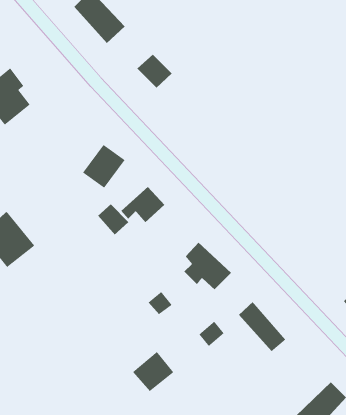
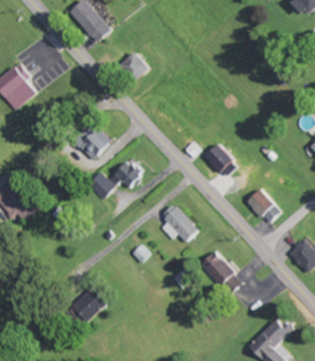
building: none -> [203,142,237,177]
building: none -> [247,187,282,223]
building: [132,351,174,392] -> [71,287,106,320]

